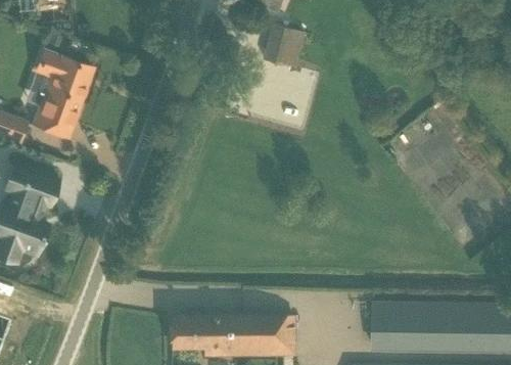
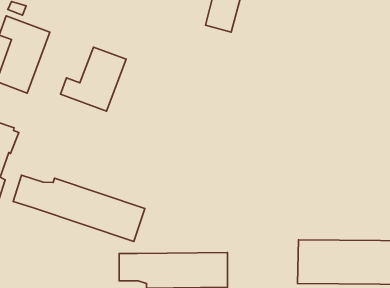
building: none -> [61,47,126,111]
building: none -> [13,175,145,242]

